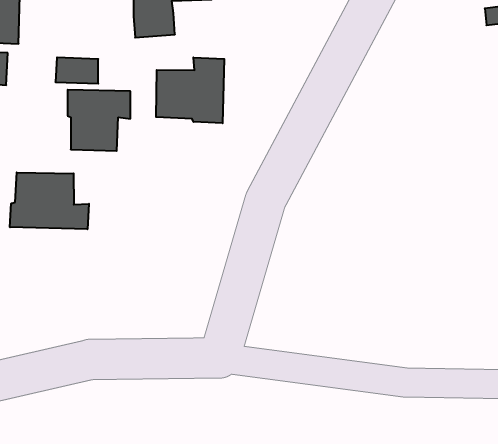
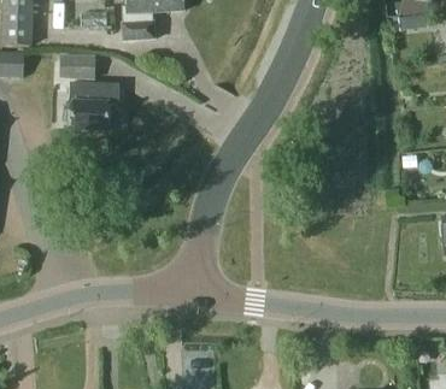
building: [156,57,224,123] -> none
building: [10,172,89,229] -> none

